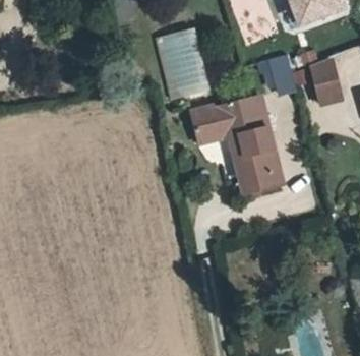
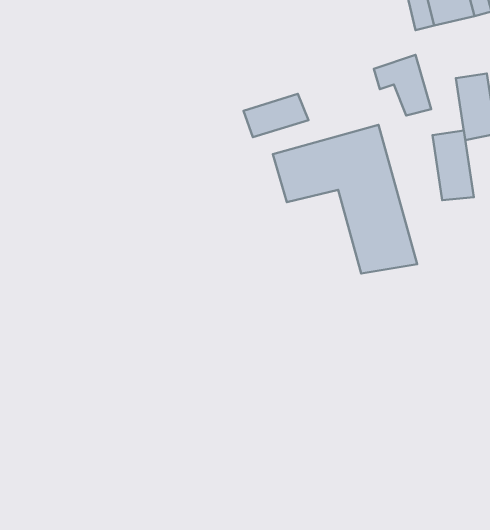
building: [157,26,207,79] -> none
building: none -> [433,130,474,200]

